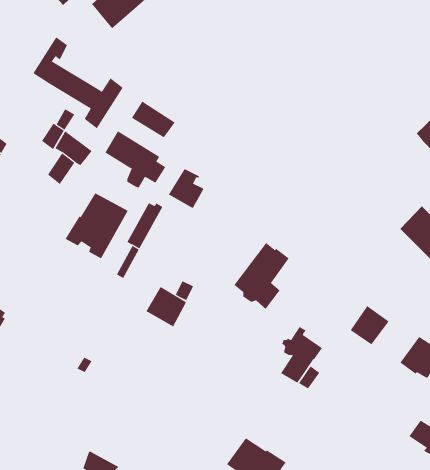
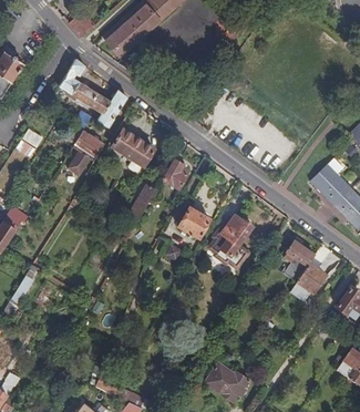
building: [131,101,176,138] -> none
building: none -> [309,156,351,205]
building: [65,192,128,259] -> none
building: [146,286,187,327] -> [177,207,208,238]
building: [280,326,323,383] -> [284,238,316,281]

